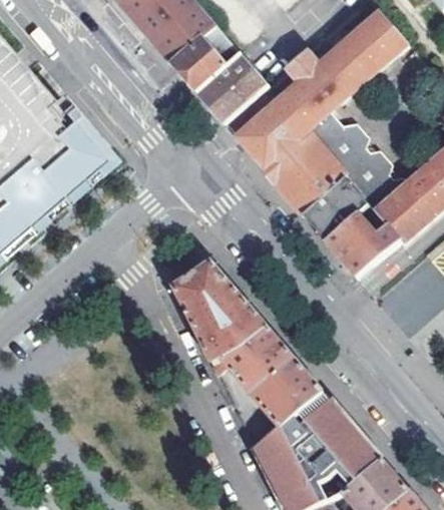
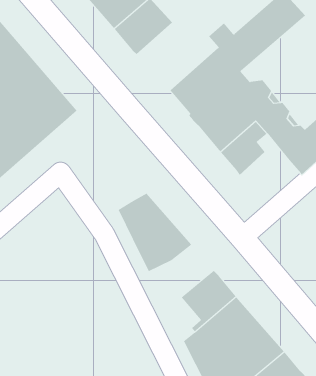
building: [194,51,267,123] -> none
building: [323,211,398,276] -> none
building: [209,327,291,393] -> none

